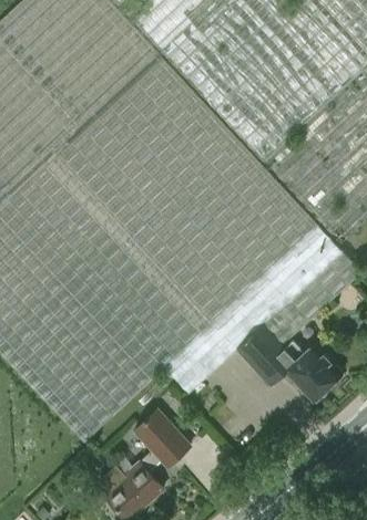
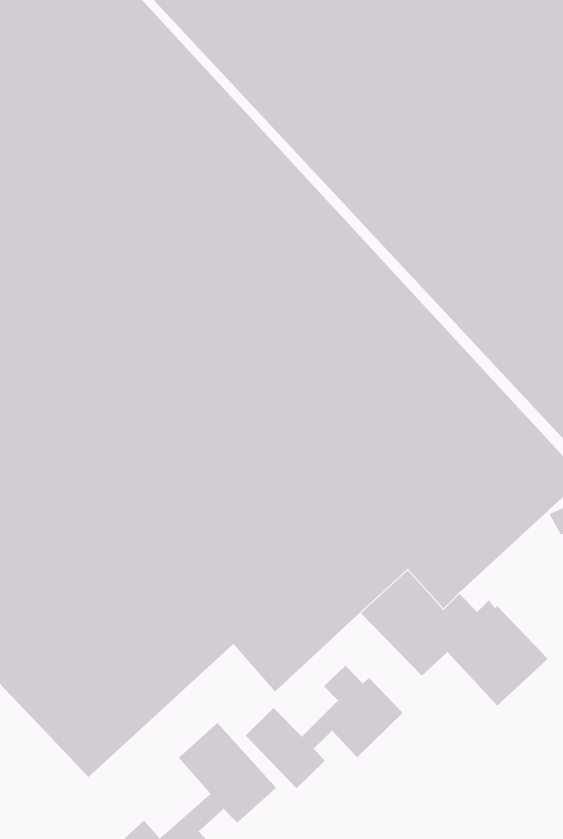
building: none -> [245,665,404,789]

